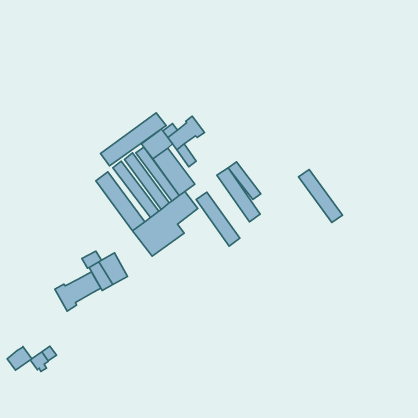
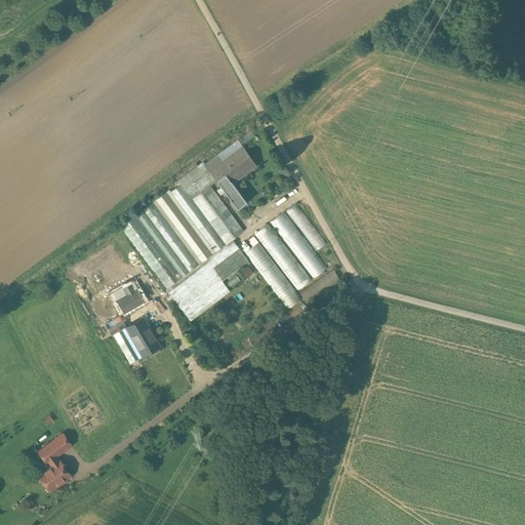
building: [101,113,166,166] -> none
building: [298,169,343,223] -> [255,223,311,289]
building: none -> [112,282,144,313]
building: [55,272,101,311] -> none
building: [7,347,32,370] -> [39,460,70,490]

